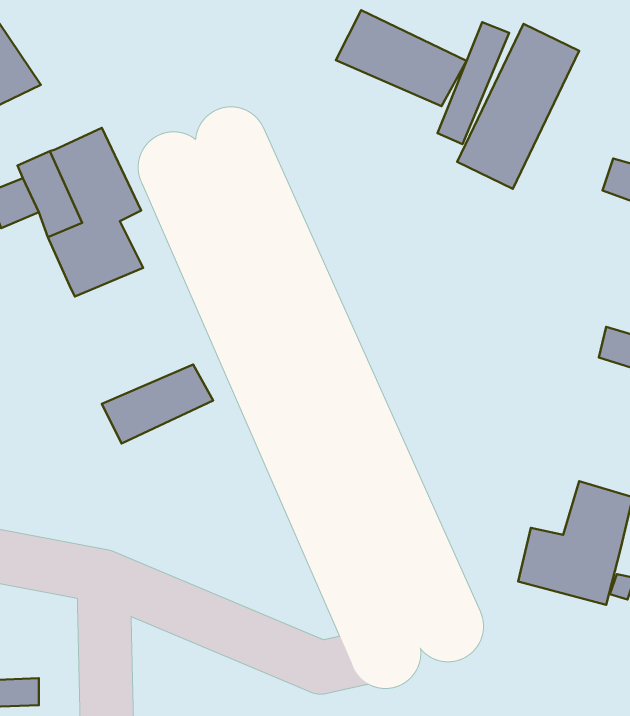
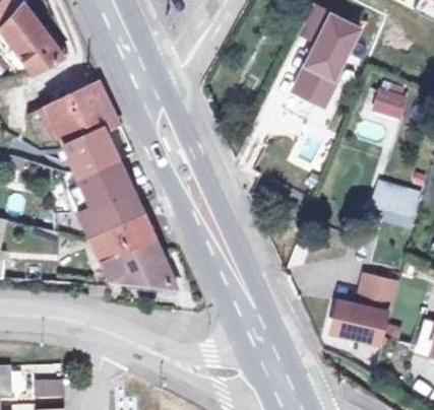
building: [336,10,467,106] -> none
building: none -> [75,154,145,231]
building: none -> [102,229,186,285]

